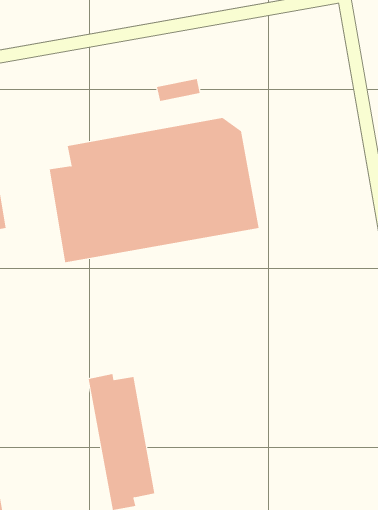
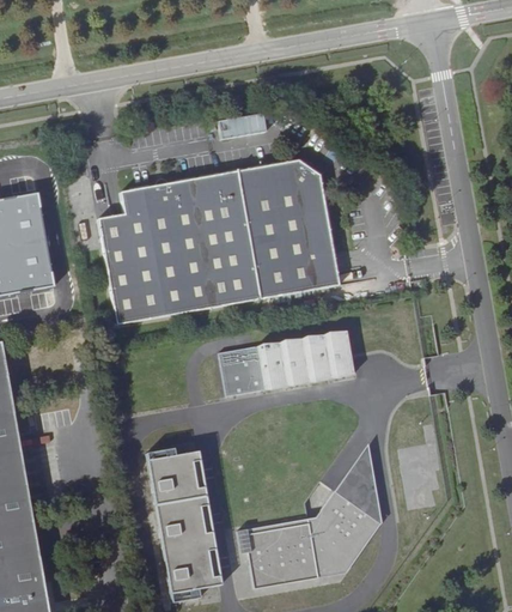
building: none -> [219,327,354,395]
building: none -> [236,446,382,588]

